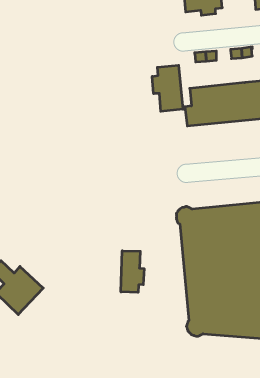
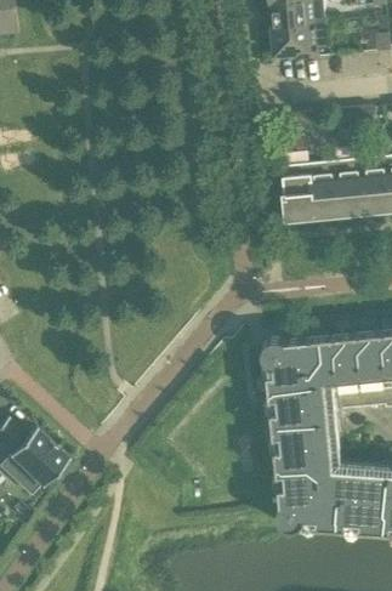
building: [152,65,183,111] -> none
building: [121,251,144,292] -> none

